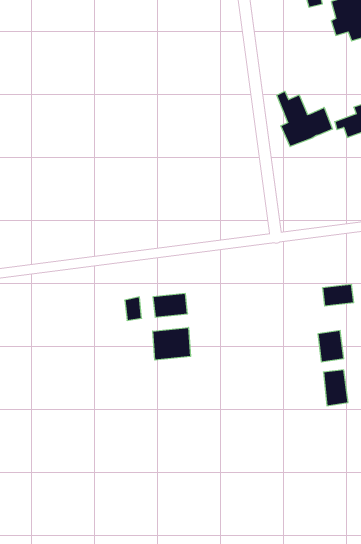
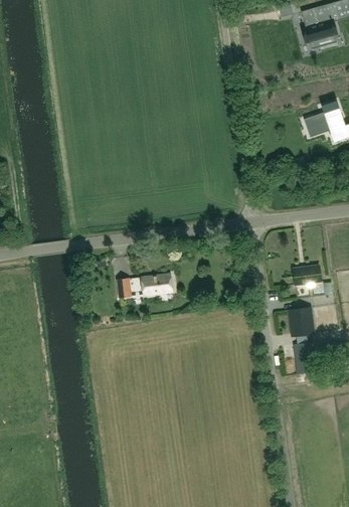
building: [277,91,332,147] -> none
building: [153,327,191,360] -> none

